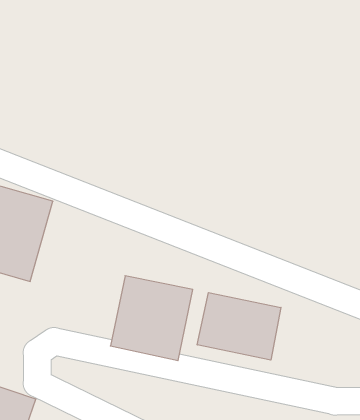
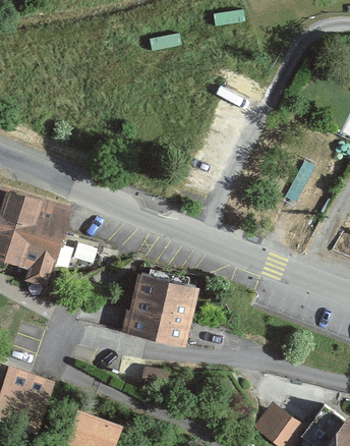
building: [197,293,281,360] -> none

